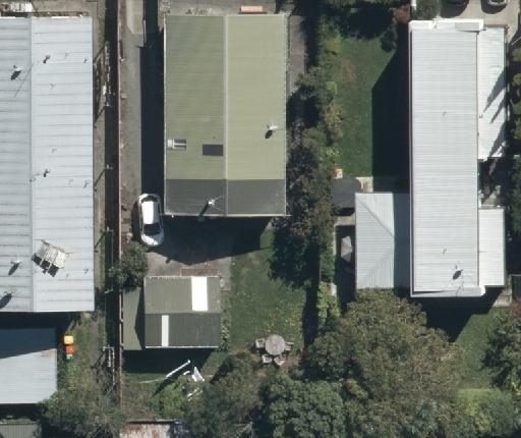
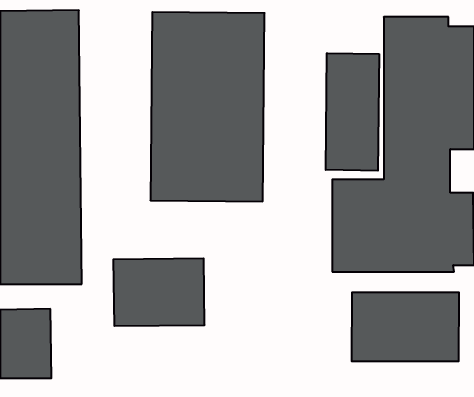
building: none -> [326,53,379,171]
building: none -> [352,292,459,361]

